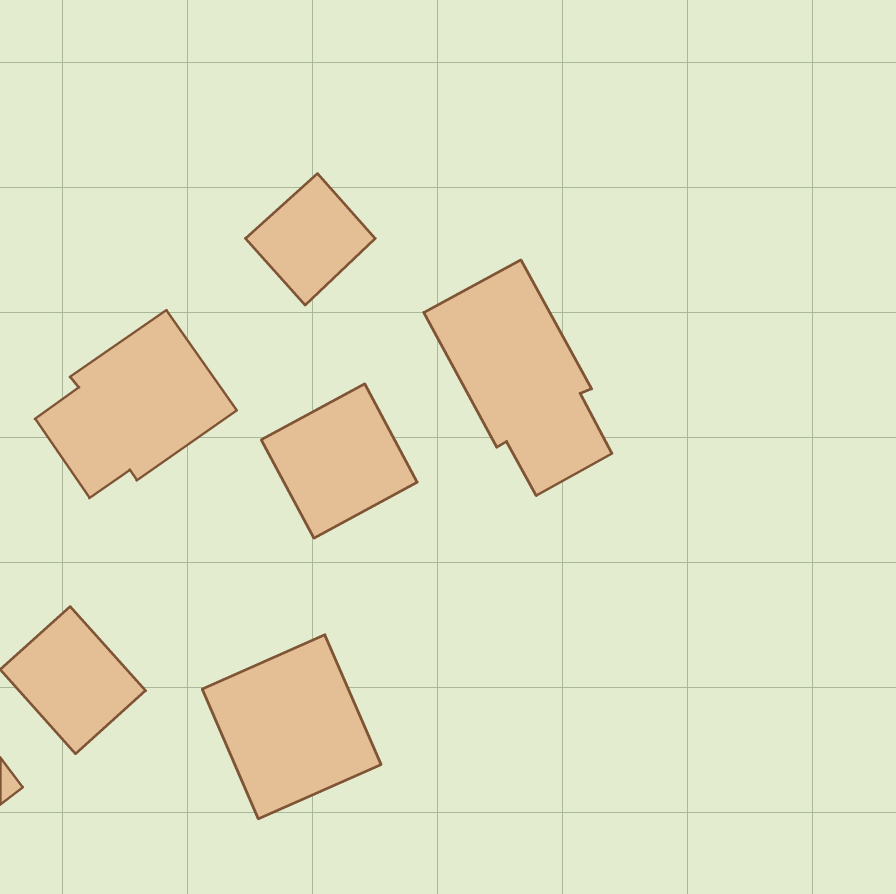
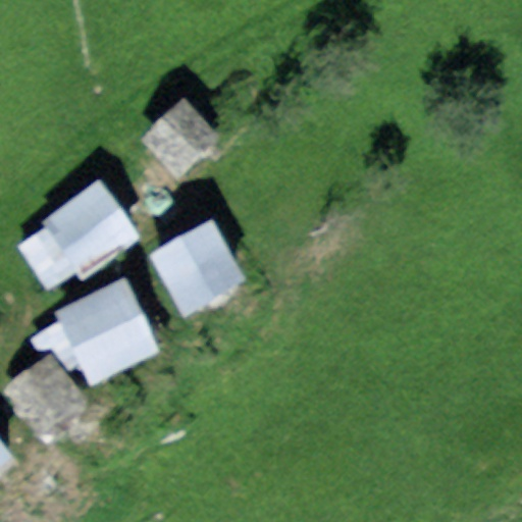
building: [424,260,612,496] -> none
building: [202,635,381,819] -> [55,278,159,385]

